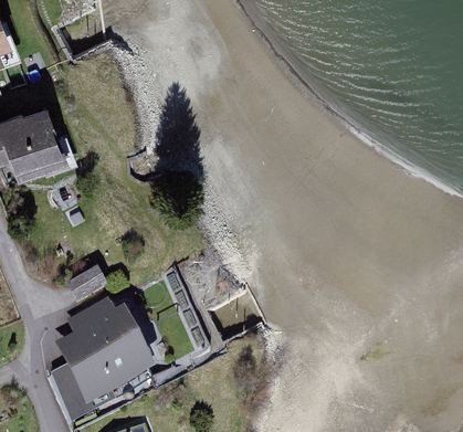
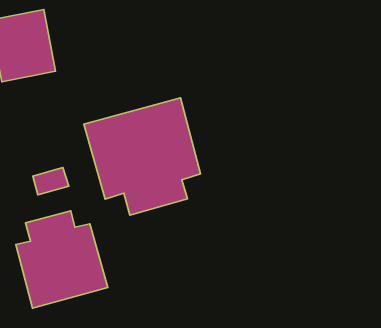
building: none -> [84,98,201,215]

